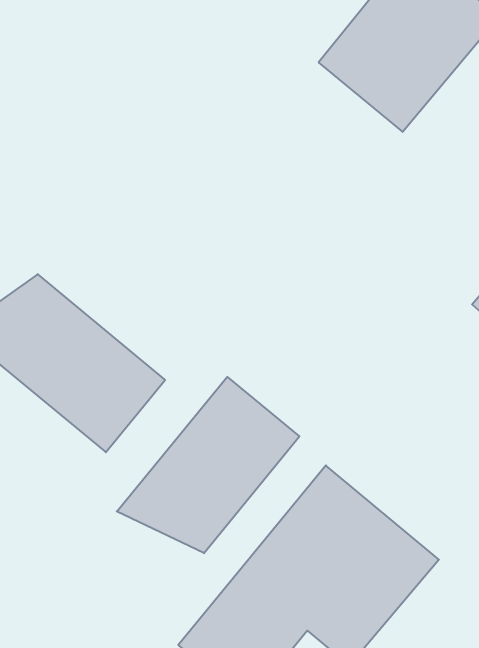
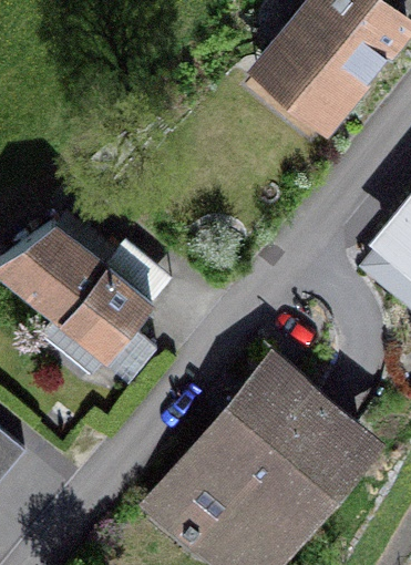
building: [117,377,299,553] -> none

